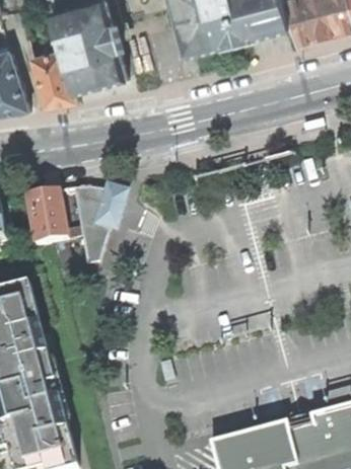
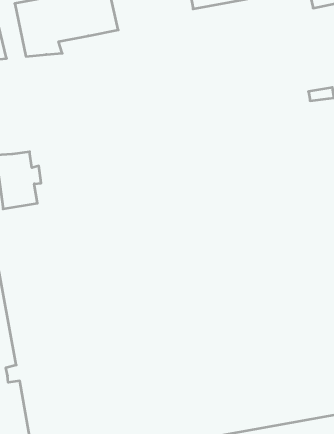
building: [74,181,130,263] -> none

